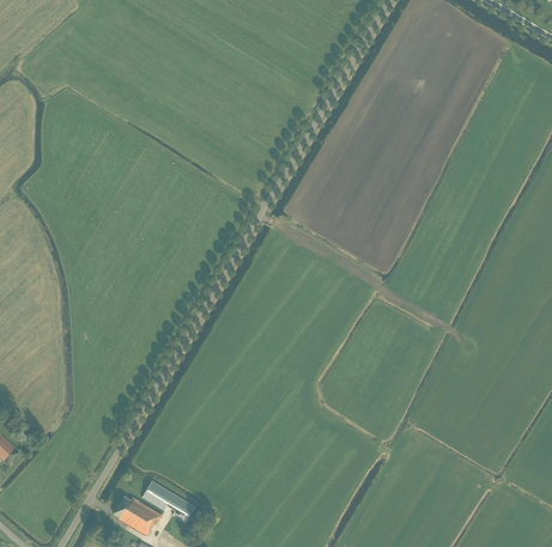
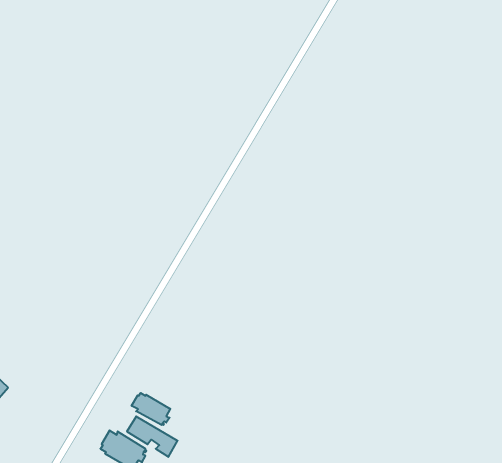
building: none -> [132,393,170,425]

